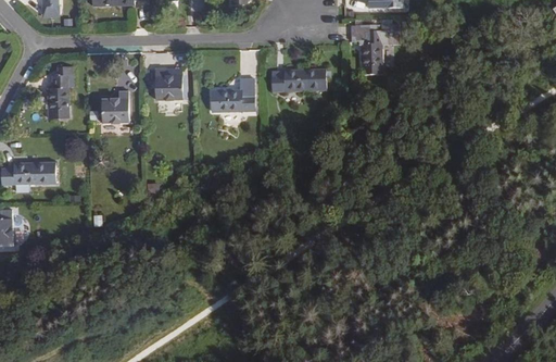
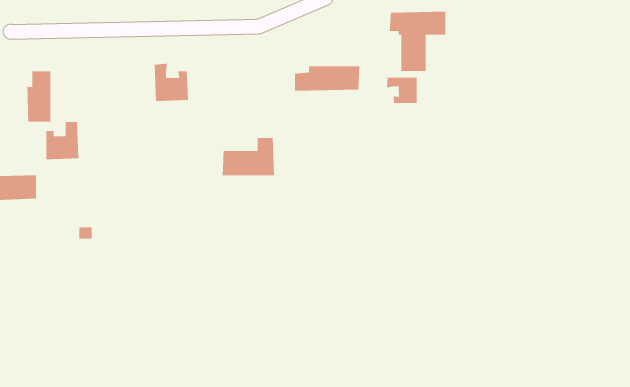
building: [210,78,254,111] -> [222,137,275,176]
building: none -> [386,77,417,104]
building: [101,90,129,123] -> [45,121,79,160]

